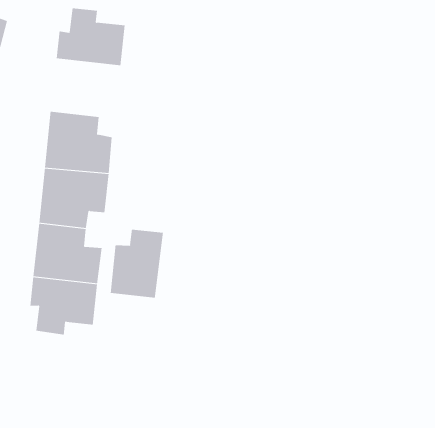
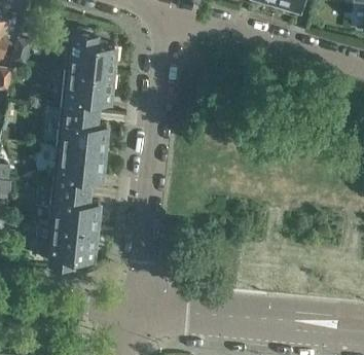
building: none -> [62,73,112,114]
building: [110,229,164,298] -> none

